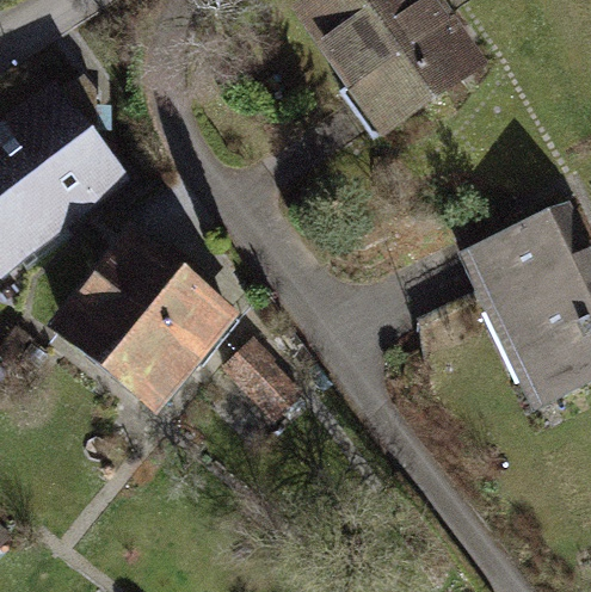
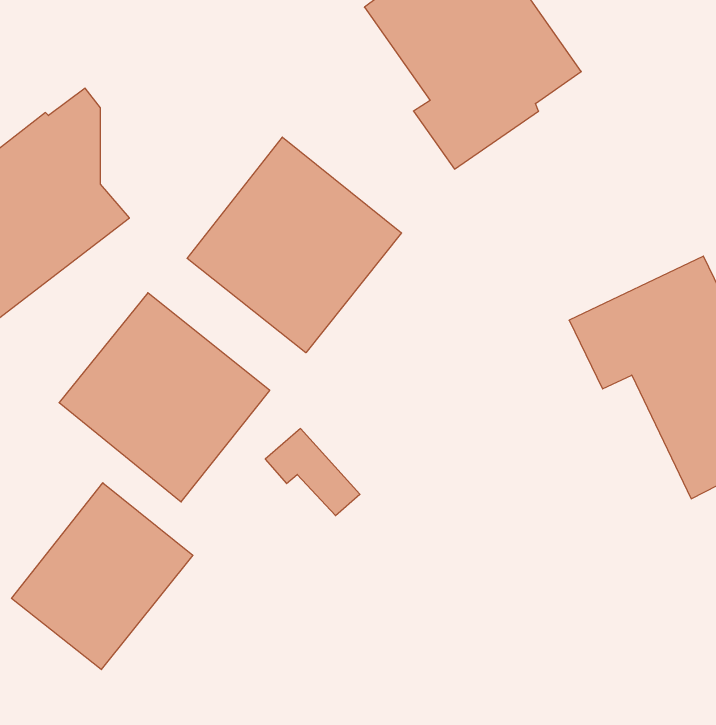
building: none -> [187,137,402,353]
building: none -> [12,483,193,670]

